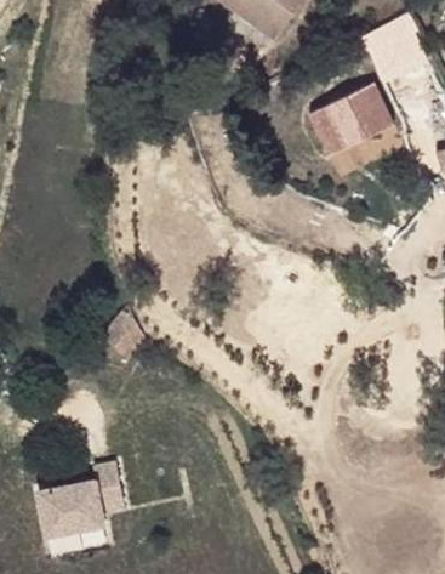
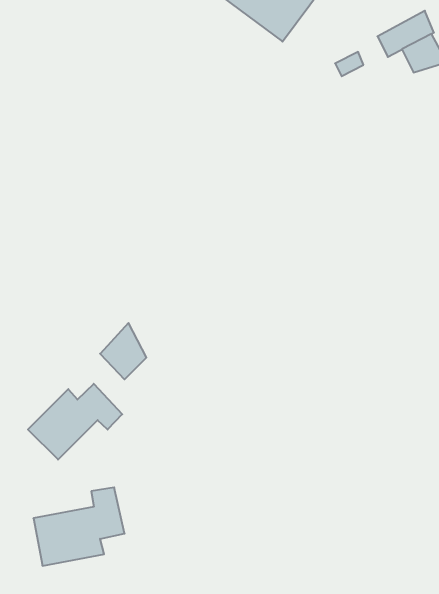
building: [308,81,394,155] -> none
building: none -> [28,384,122,460]

